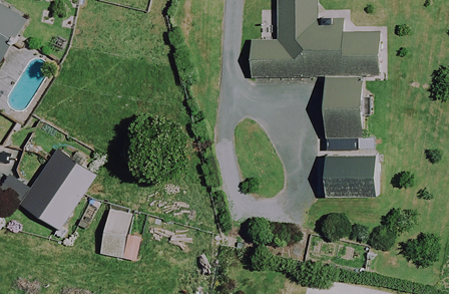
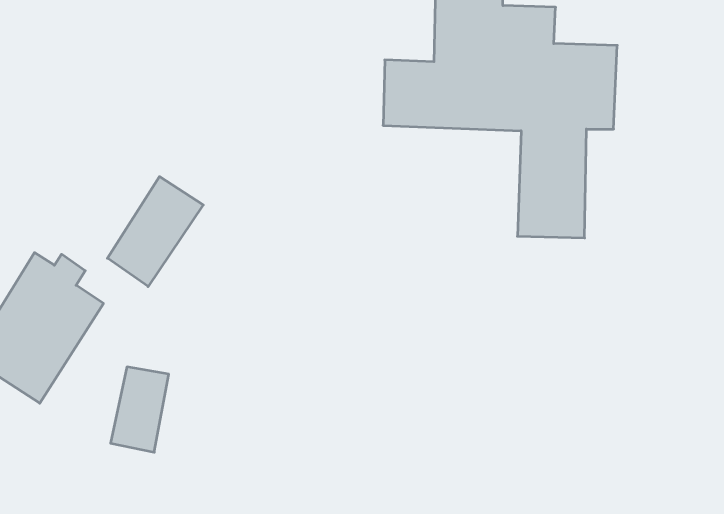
building: none -> [107,177,203,287]
building: [321,153,375,198] -> none

